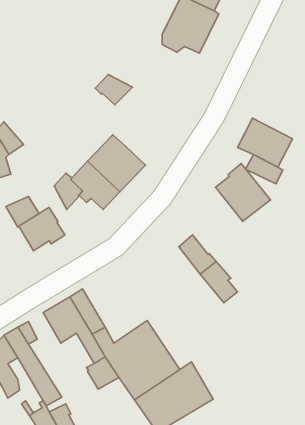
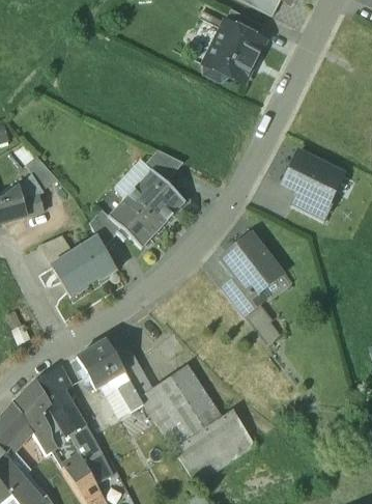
building: [95,74,133,105] -> [144,149,183,181]
building: [215,164,270,222] -> [223,234,281,296]
building: none -> [82,236,116,280]

